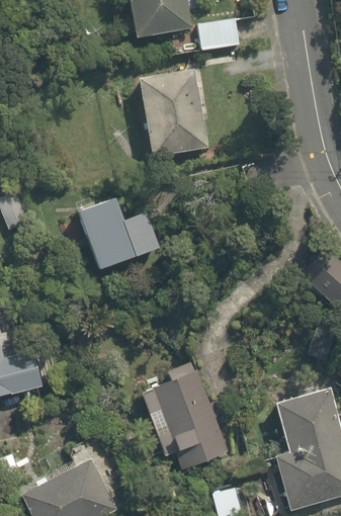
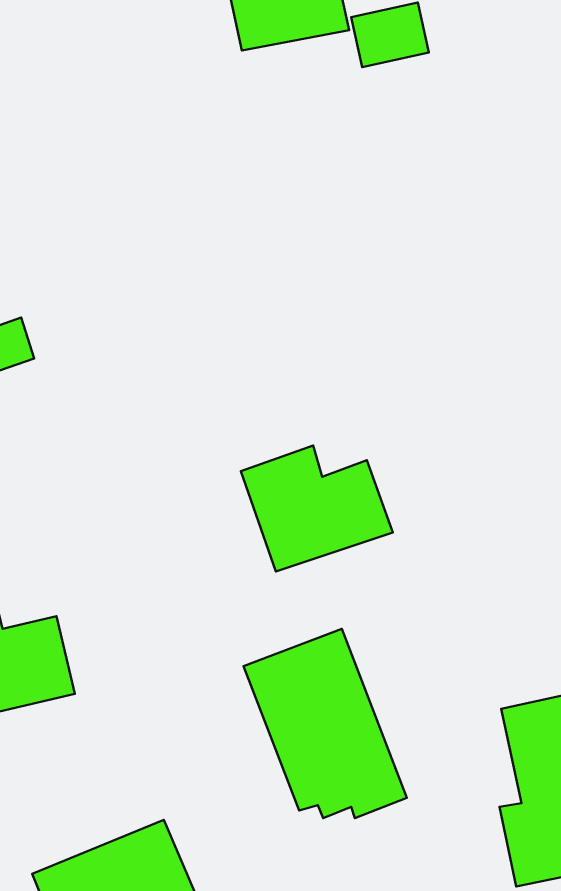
building: [143,74,207,155] -> none
building: [78,198,161,267] -> [241,445,393,571]

